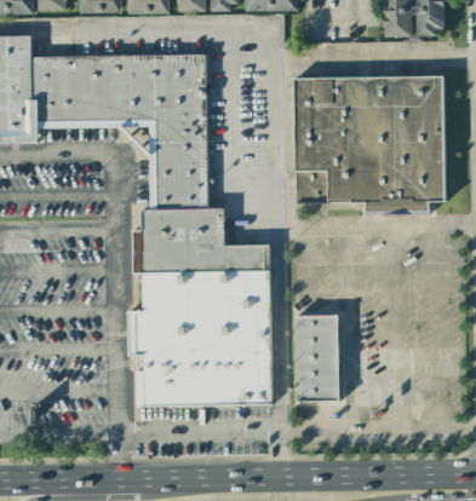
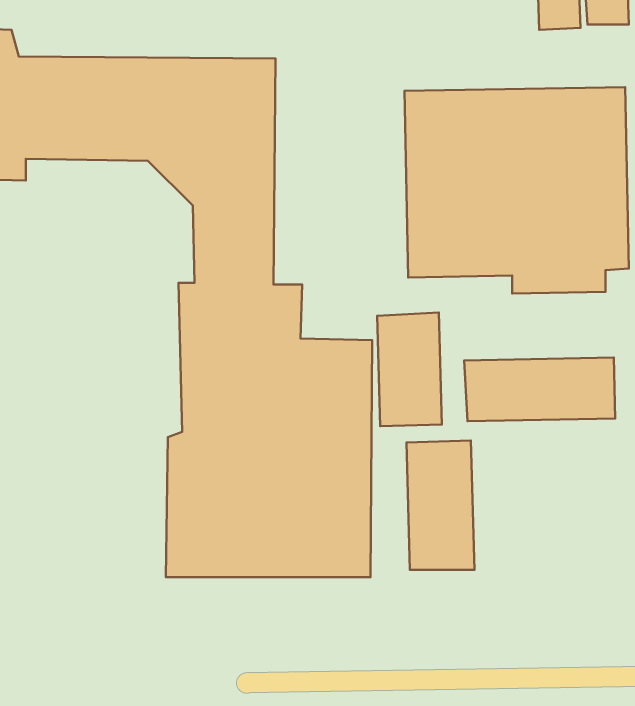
building: none -> [377,313,442,426]
building: none -> [464,357,615,421]

